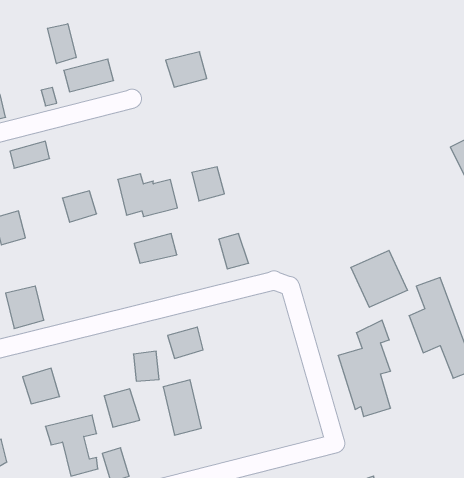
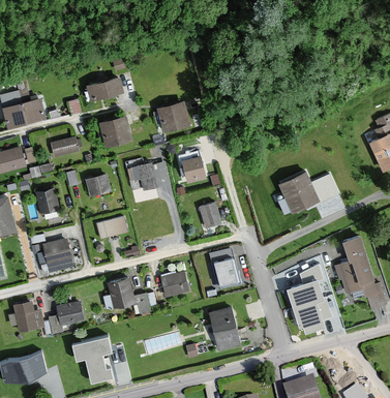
building: [47,24,76,64] -> none
building: [166,52,207,87] -> [159,106,189,132]
building: none -> [102,122,130,148]
building: [134,234,177,263] -> [95,217,126,239]
building: [351,250,408,307] -> [279,170,321,211]
building: none -> [210,250,241,286]
building: [163,380,201,435] -> [210,307,238,347]
building: [104,389,140,427] -> [109,278,134,306]

